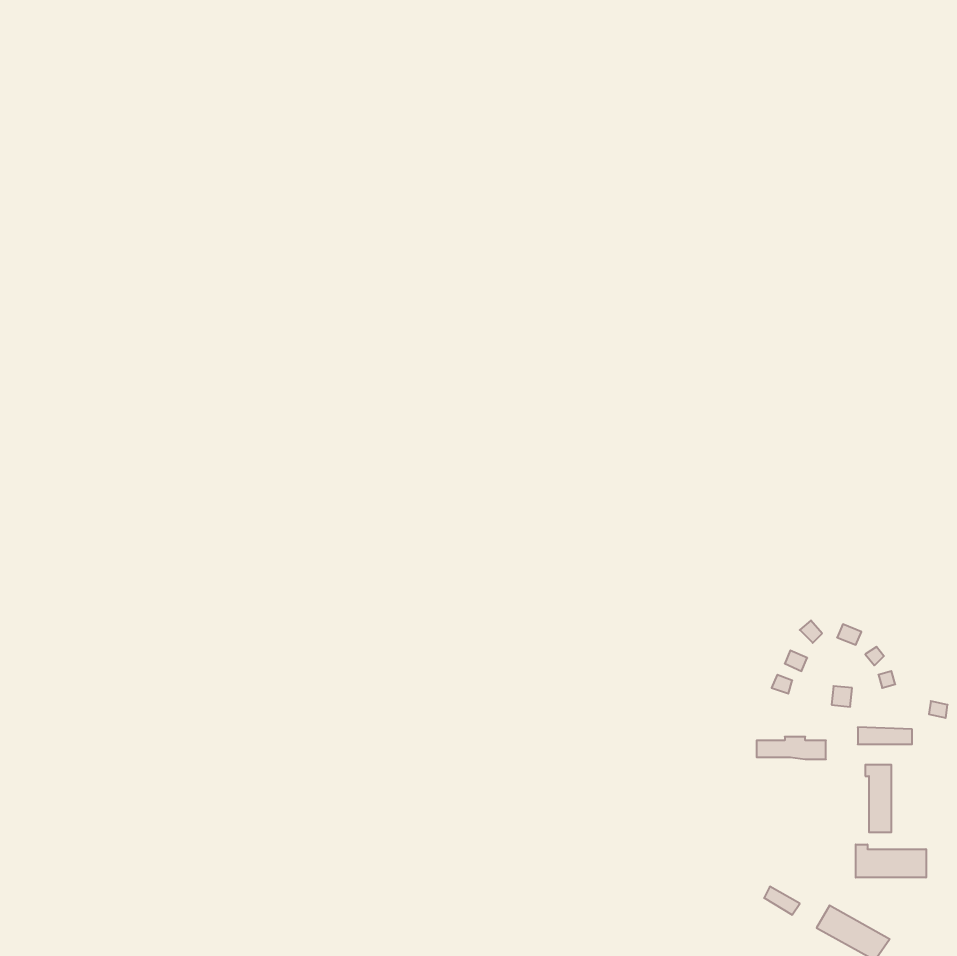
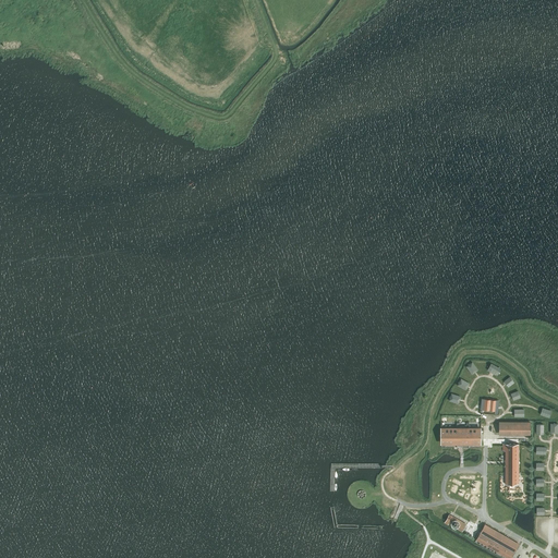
building: [856,844,926,878] -> none

